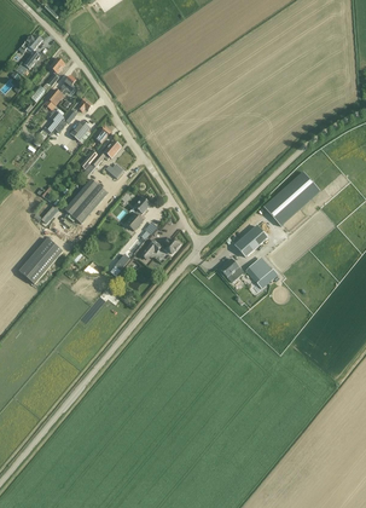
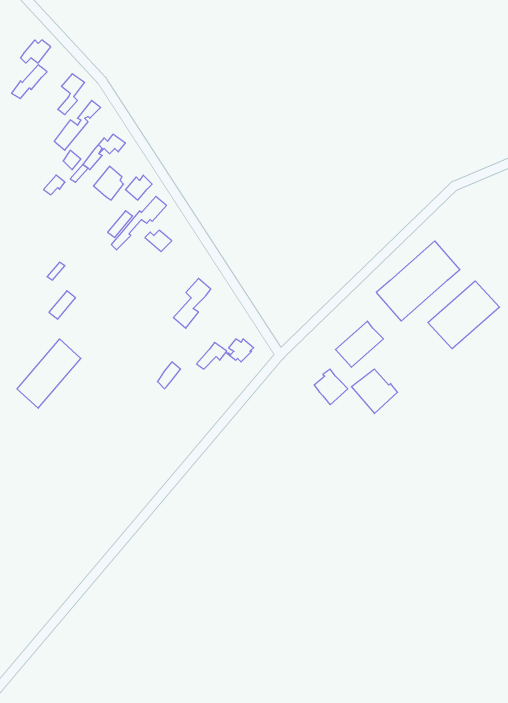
building: [65,178,108,223] -> none
building: none -> [428,281,500,349]

